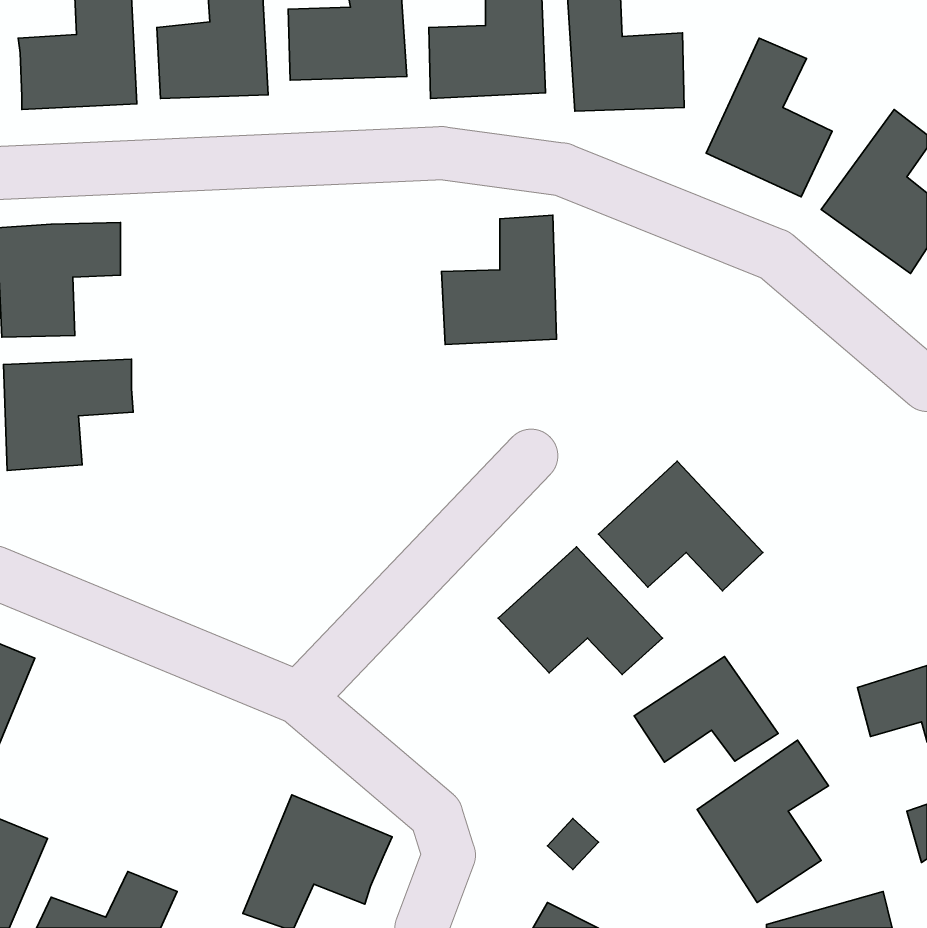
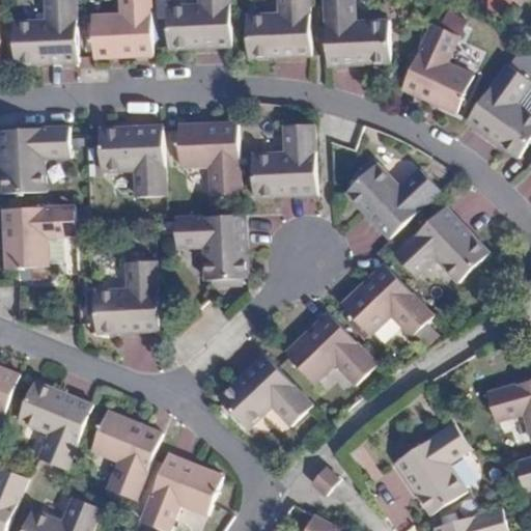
building: none -> [175,121,240,195]
building: none -> [97,125,165,196]
building: none -> [344,162,439,239]
building: none -> [393,205,487,281]
building: none -> [172,214,248,279]
building: none -> [91,260,159,333]
building: none -> [218,354,312,427]
building: [634,656,778,762] -> none
building: none -> [16,380,93,469]
building: none -> [89,411,162,500]

